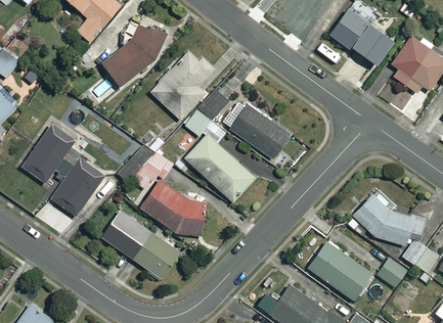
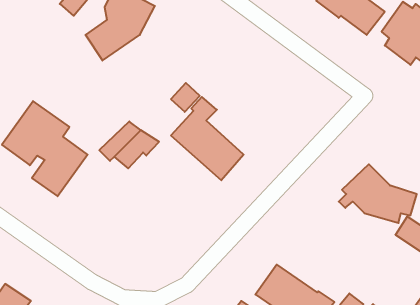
building: [151,51,213,121] -> none
building: [198,90,228,121] -> none
building: [225,104,291,159] -> none
building: [140,180,206,235] -> none
building: [102,212,181,280] -> none
building: [303,238,368,297] -> none
building: [373,255,403,284] -> none

